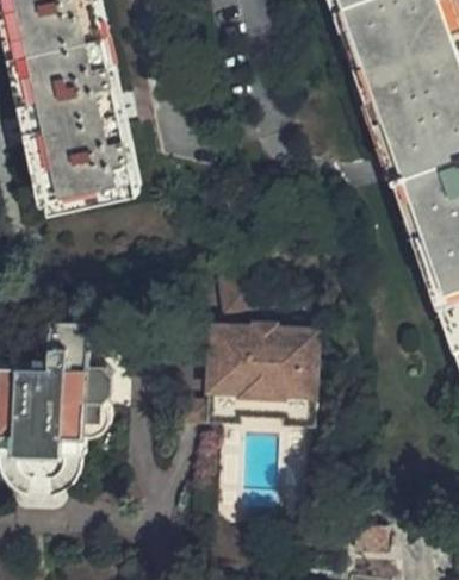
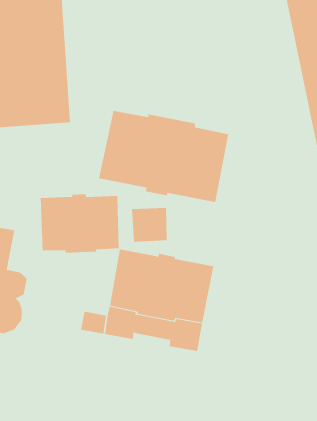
building: none -> [98,110,229,203]
building: none -> [40,193,119,254]

